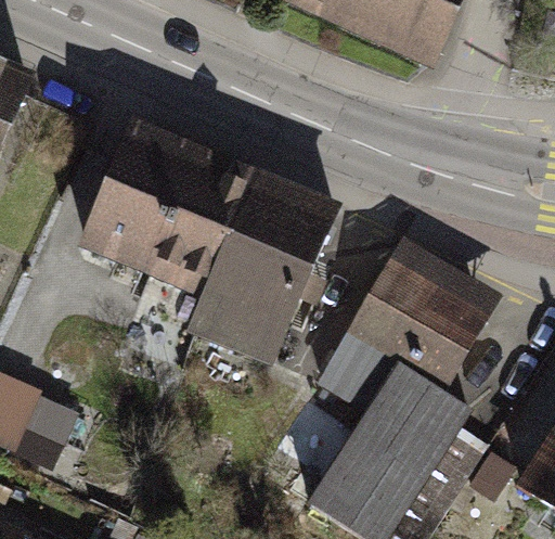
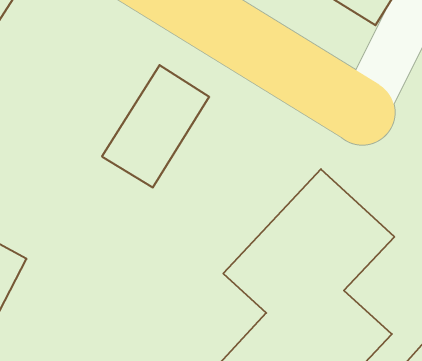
building: [86,127,195,268] -> none
building: [209,180,335,359] -> none

